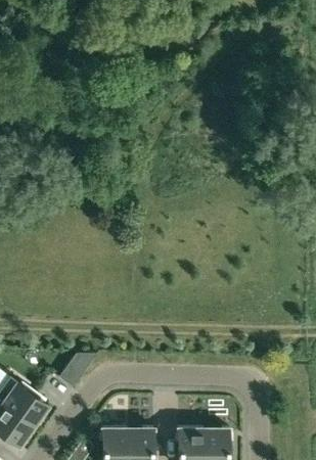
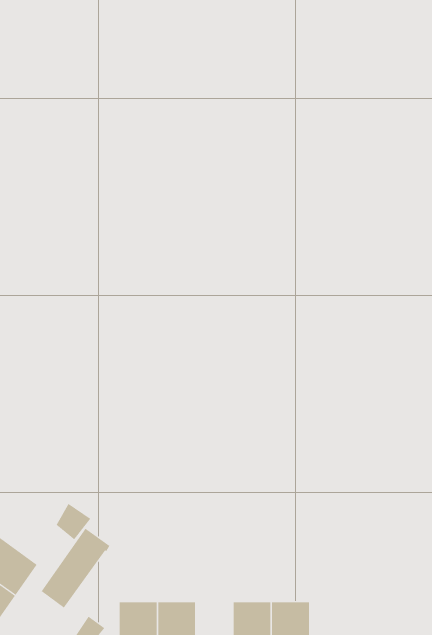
building: none -> [41,528,110,609]

